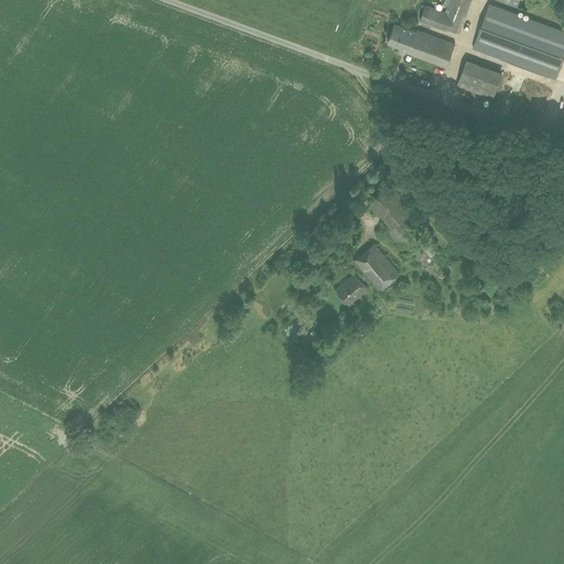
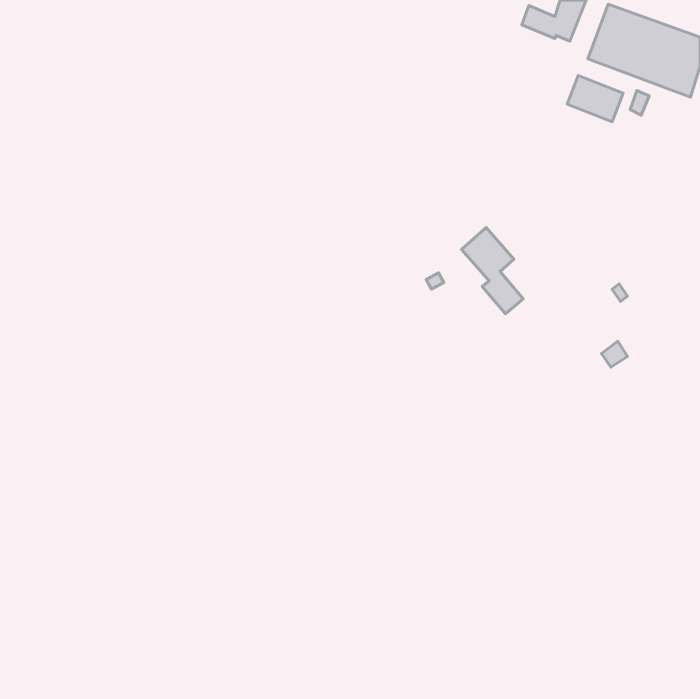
building: [387,24,454,67] -> none
building: [336,245,399,304] -> none

